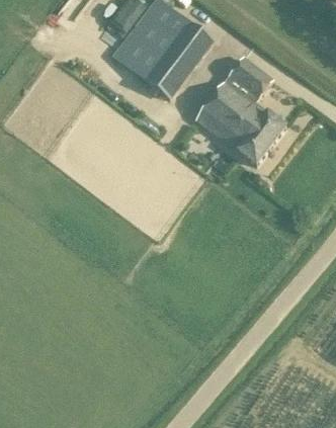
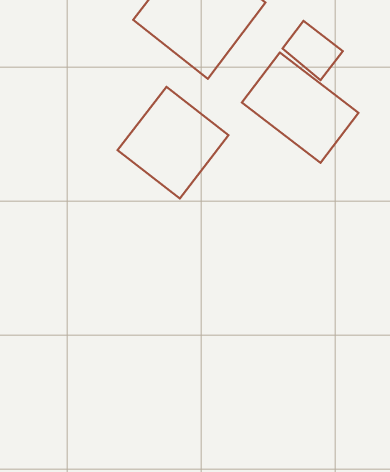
building: none -> [118,87,229,198]

